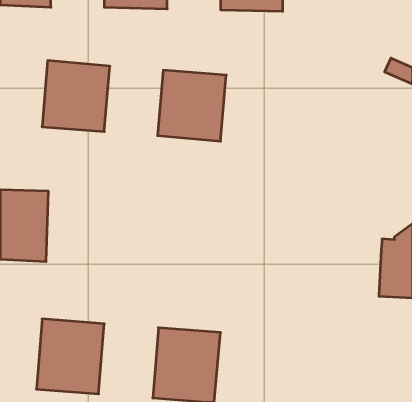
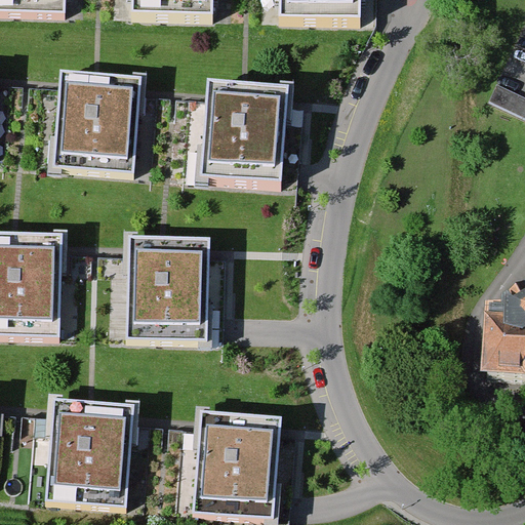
building: none -> [128,244,209,334]

